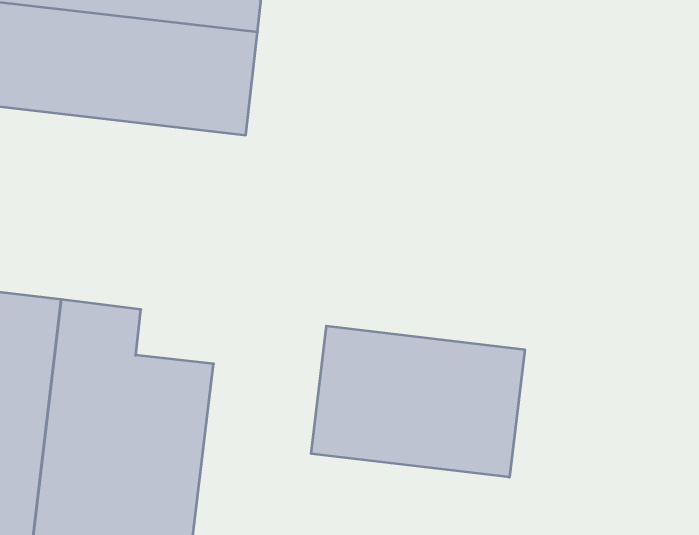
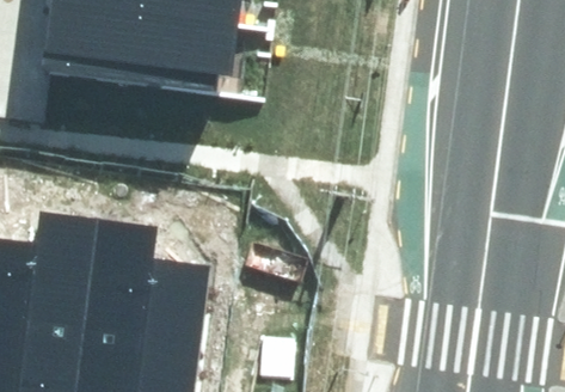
building: [311,326,525,477] -> none

